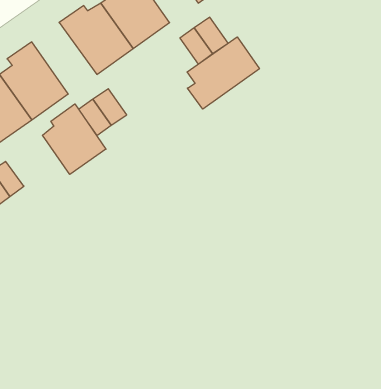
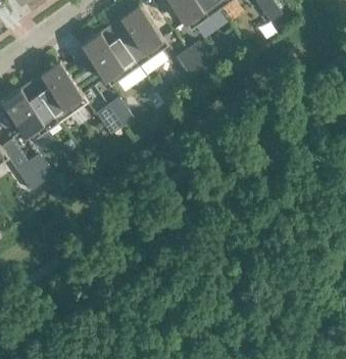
building: [187,37,259,109] -> none
building: [42,104,106,174] -> none

